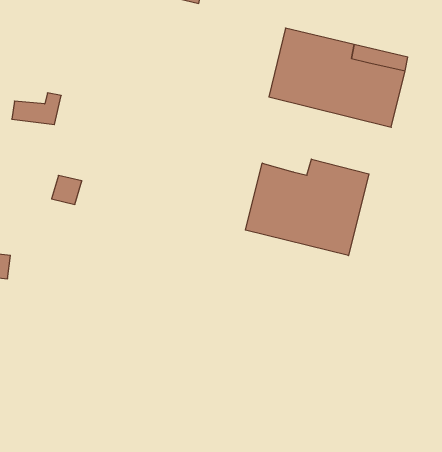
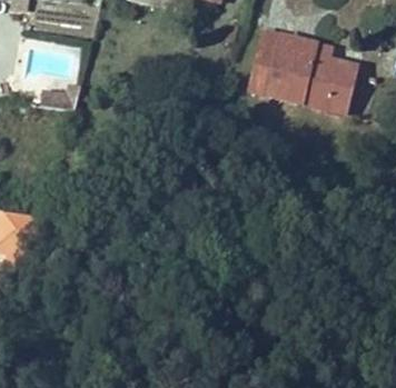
building: [245,159,369,256] -> none

